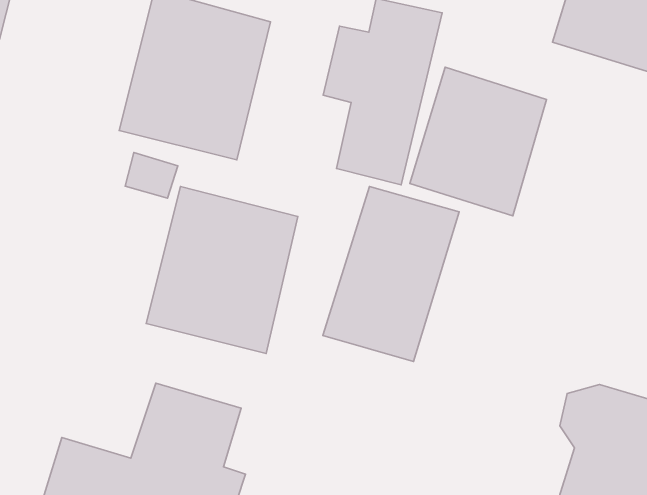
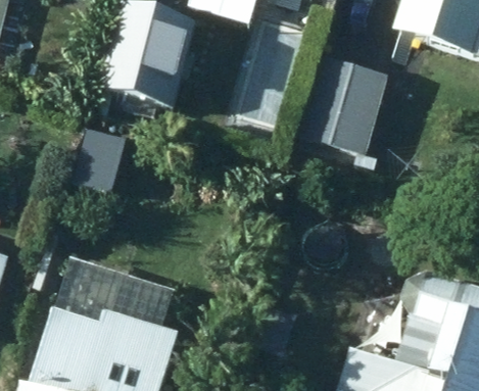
building: [146,186,298,354] -> none
building: [323,187,459,361] -> none

